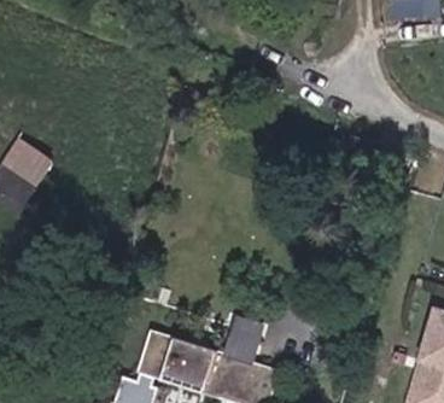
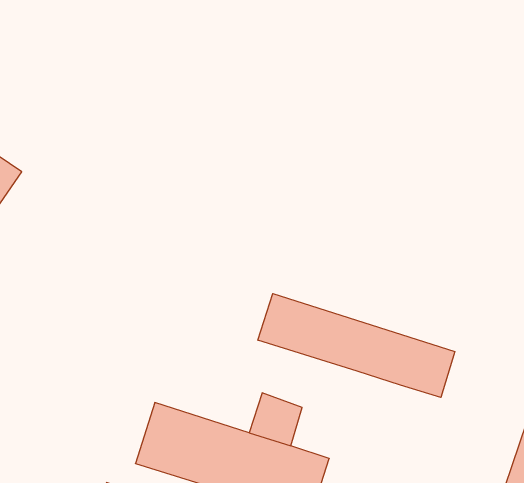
building: none -> [258,294,455,397]

